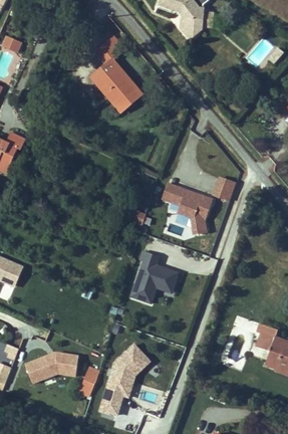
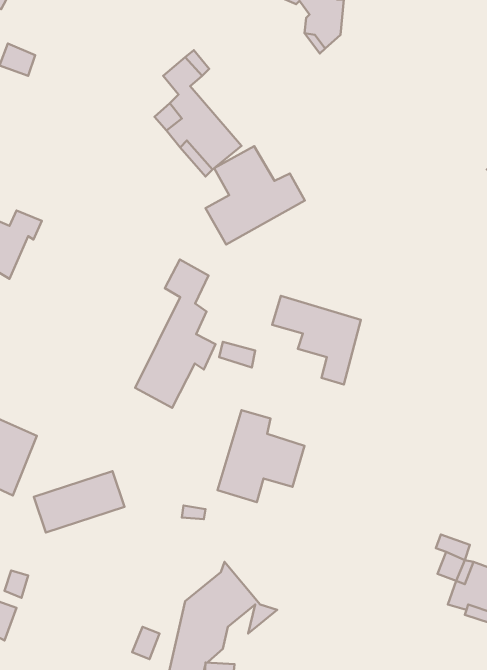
building: none -> [206,146,305,245]
building: none -> [135,259,216,408]
building: [212,175,235,200] -> none
building: [24,348,77,384] -> [34,471,124,533]

